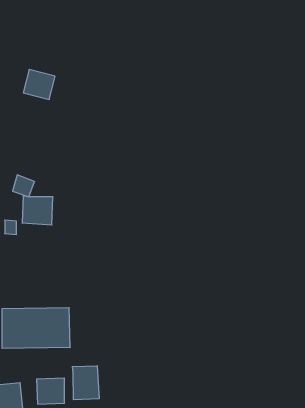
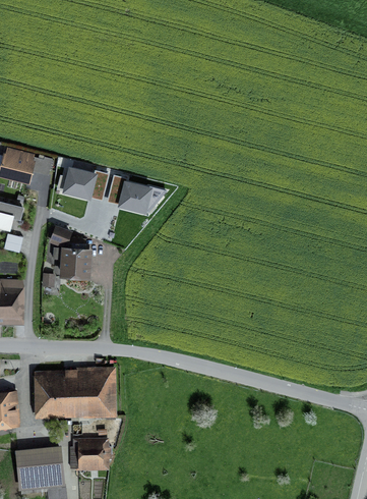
building: [23,70,55,99] -> [61,168,95,200]
building: none -> [117,182,149,213]
building: [72,366,99,400] -> none

